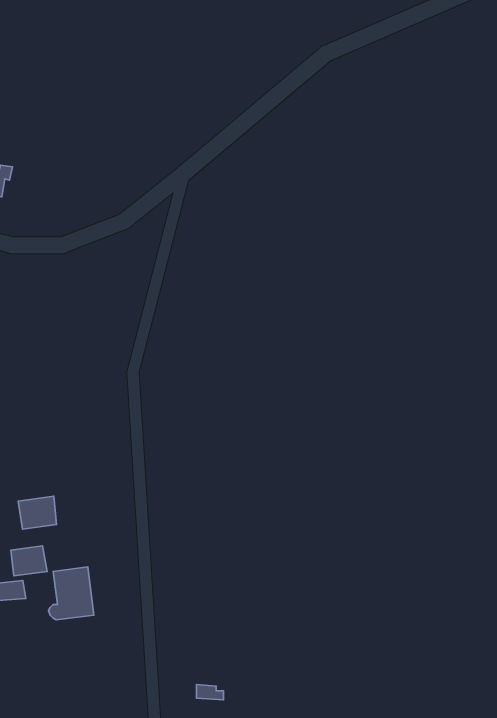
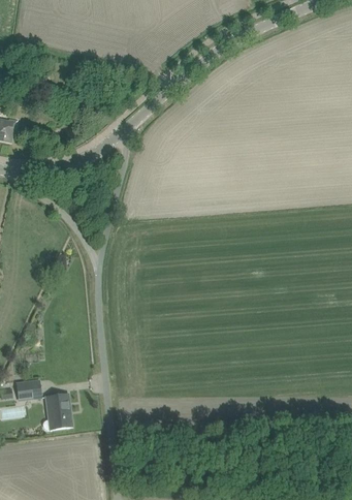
building: [18,496,57,529] -> none

